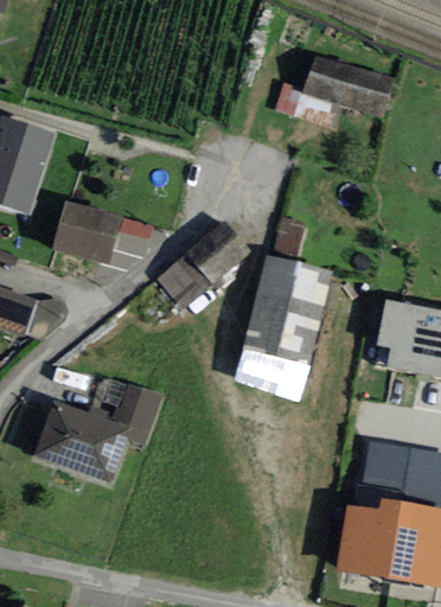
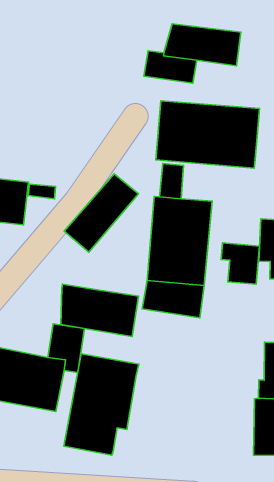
building: none -> [156,101,260,168]
building: none -> [221,243,260,284]
building: none -> [61,284,138,337]
building: none -> [64,354,139,455]

